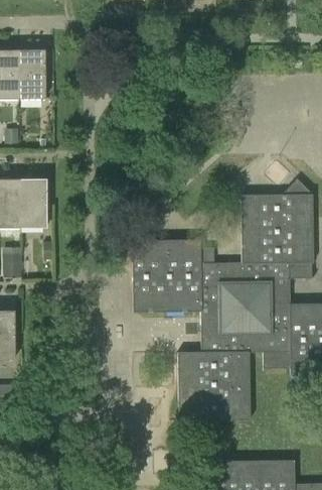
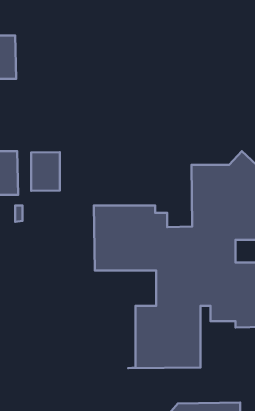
building: none -> [31,152,60,191]

